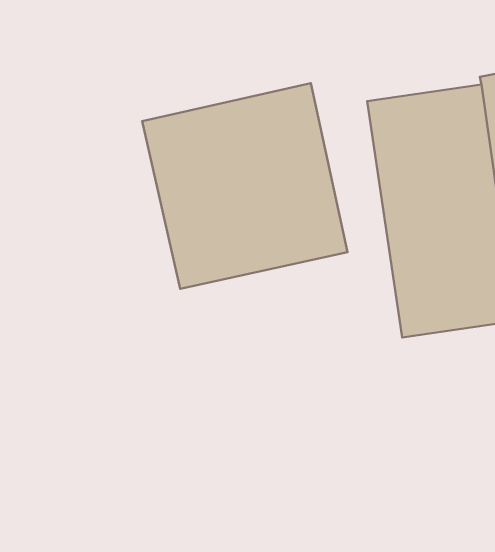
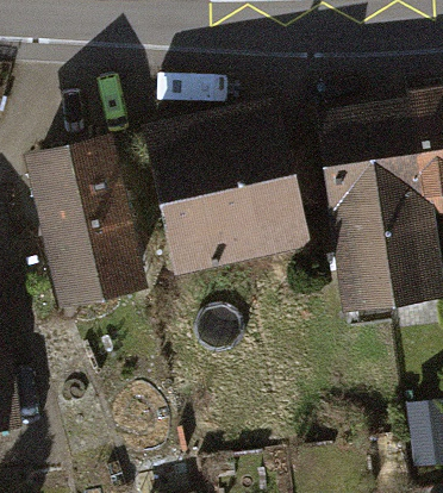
building: none -> [38,146,133,295]

